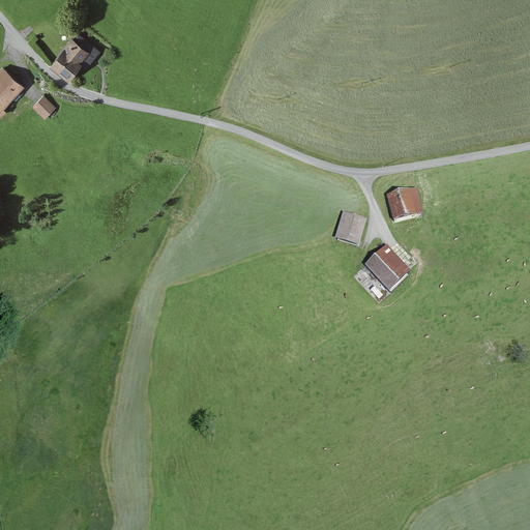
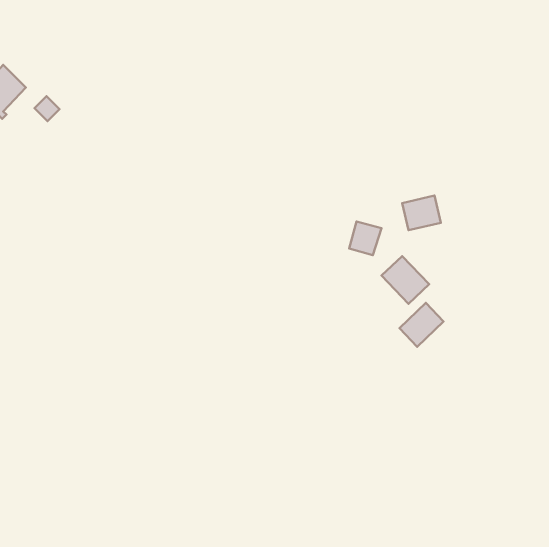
building: [51,35,91,77] -> none
building: none -> [399,303,444,347]

